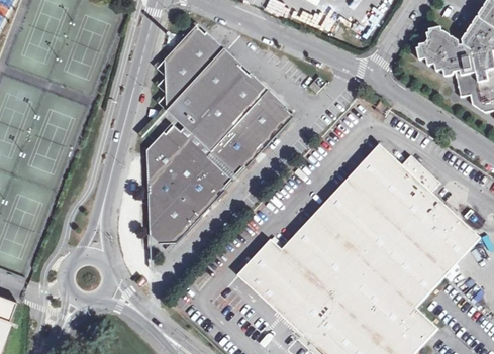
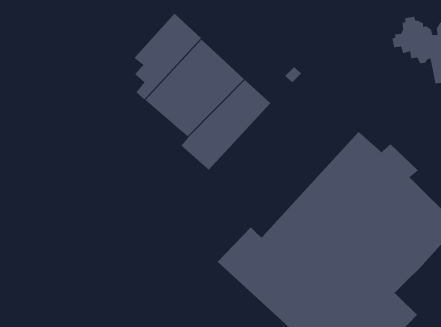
building: [144,111,229,243] -> none

